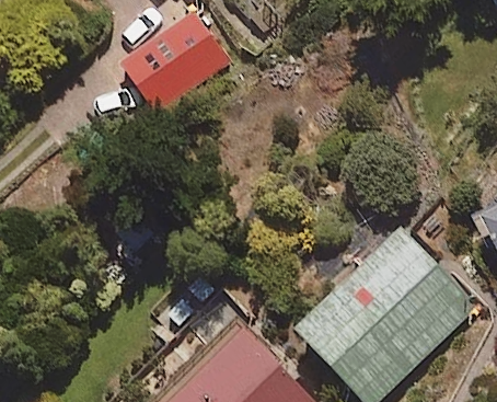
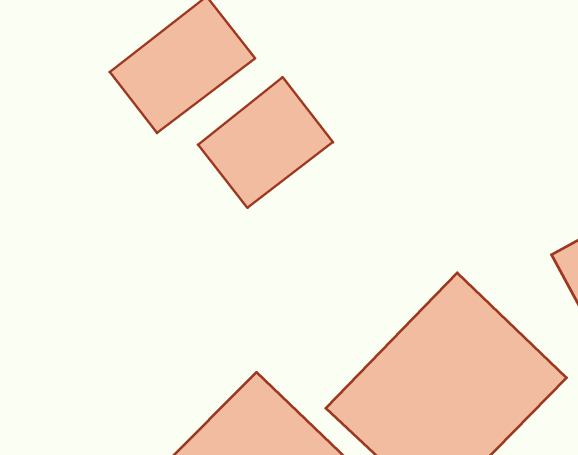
building: none -> [198,77,333,208]

